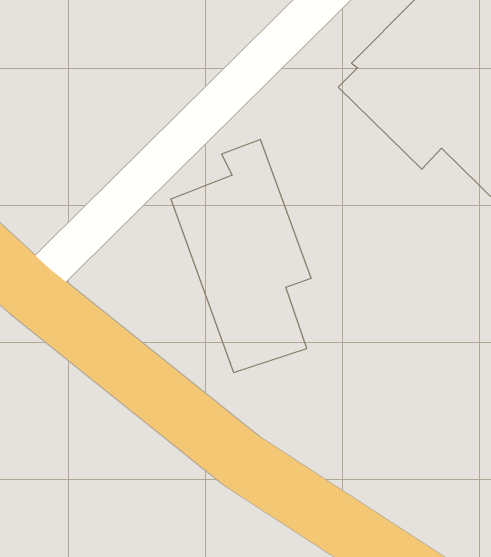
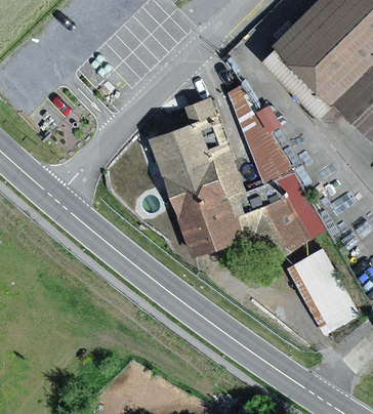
building: none -> [229,85,326,258]
building: none -> [287,248,359,335]

